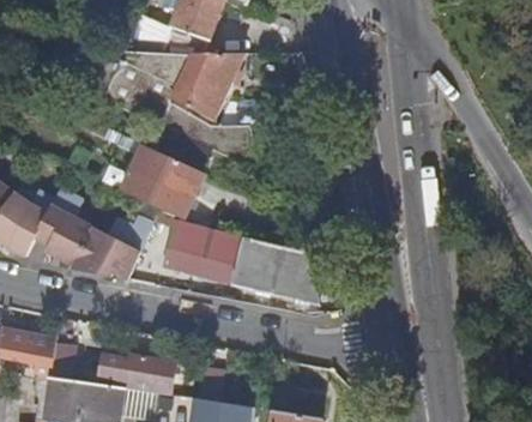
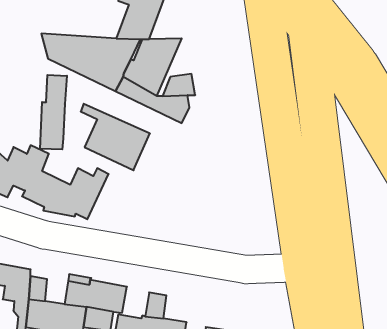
building: none -> [40,75,67,149]
building: [163,219,318,303] -> none

